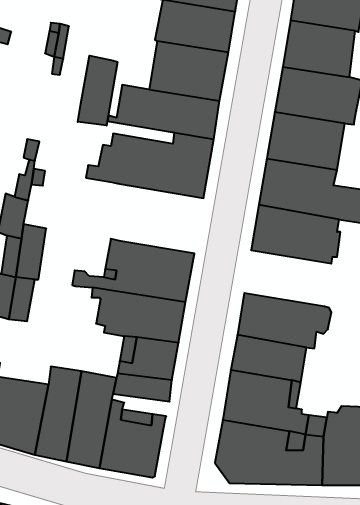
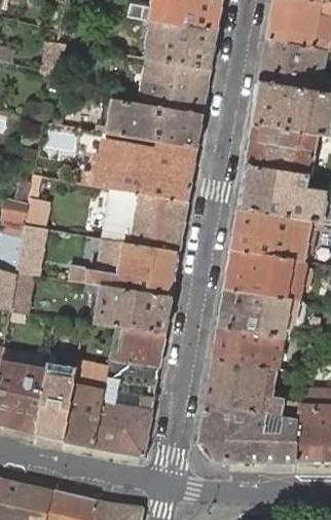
building: [78,56,117,126] -> none
building: none -> [102,188,188,252]
building: none -> [225,249,309,300]

